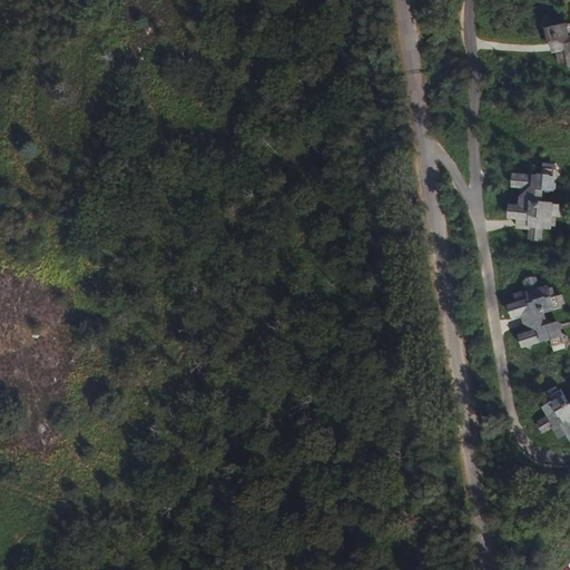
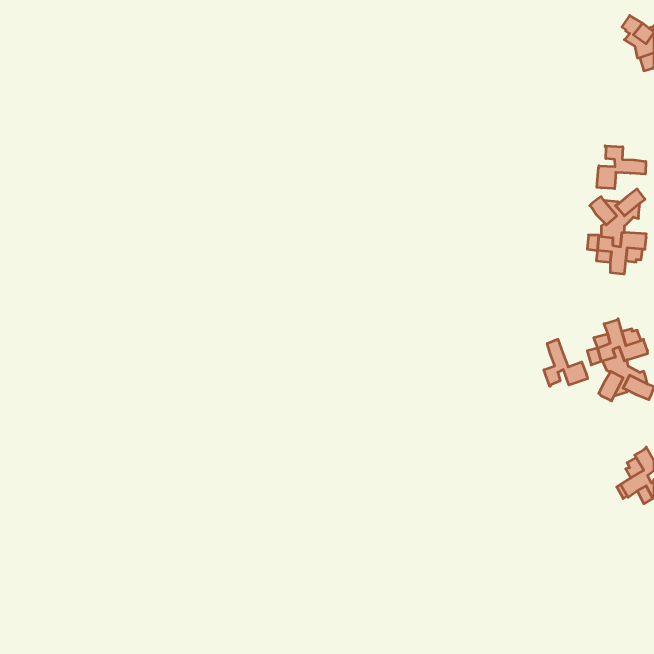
building: none -> [597,146,646,189]
building: none -> [544,339,588,386]

